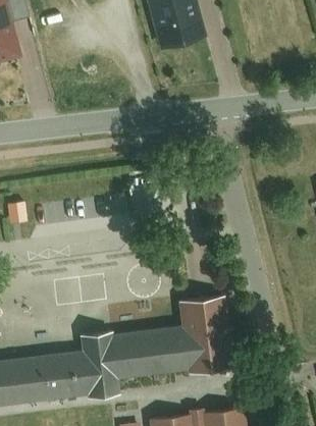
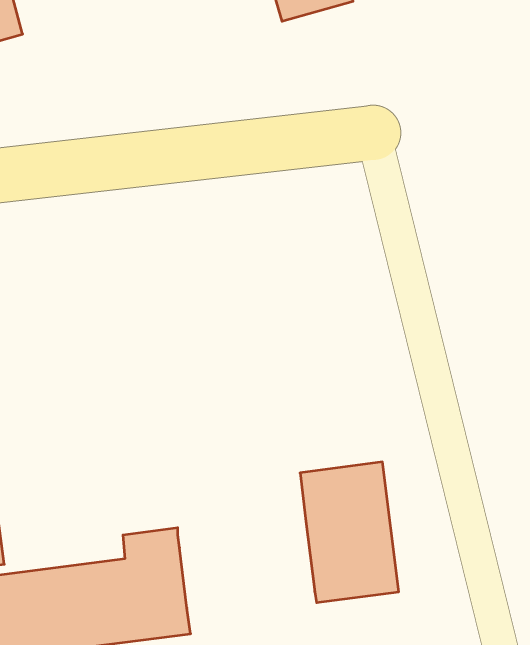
building: [109,327,186,377] -> none

